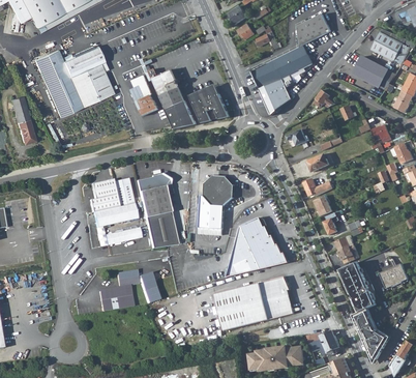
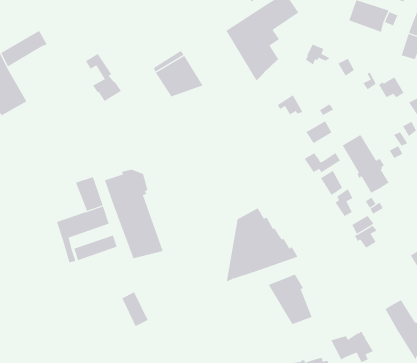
building: [69,63,113,108] -> none
building: [148,68,196,127] -> none
building: [199,175,234,235] -> none
building: [89,177,119,210] -> none
building: [340,262,376,312] -> [342,134,390,194]
building: [98,271,138,311] -> none
building: [214,283,275,330] -> none

